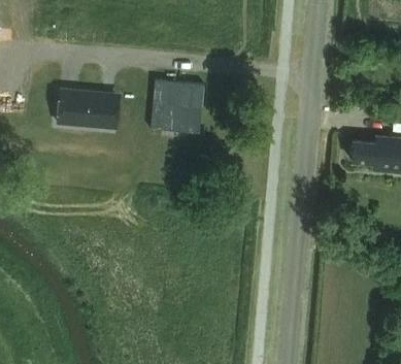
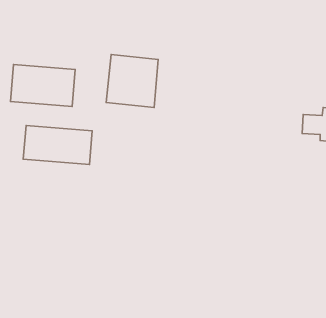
building: none -> [23,126,92,165]

